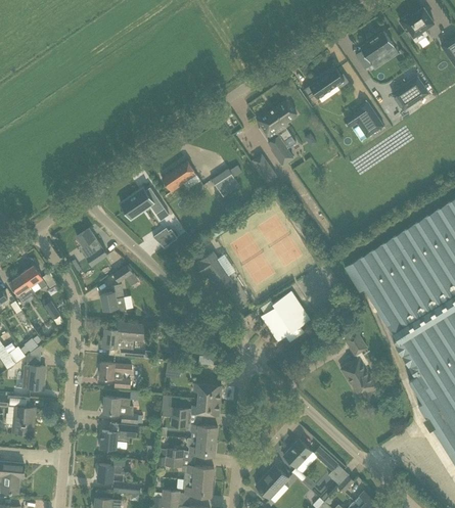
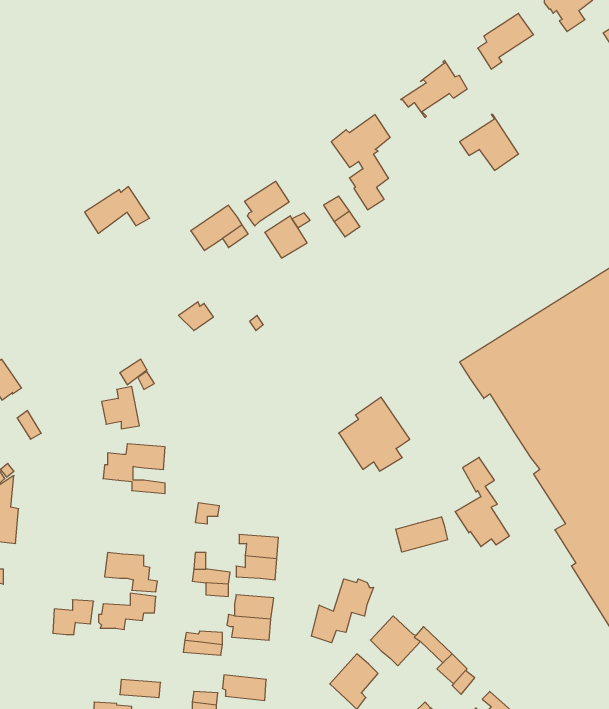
building: [393,78,428,110] -> none
building: none -> [245,181,289,226]
building: [121,187,165,219] -> [85,187,150,233]
building: [77,229,107,266] -> none
building: [195,252,233,291] -> none
building: [100,363,132,388] -> none
building: none -> [396,517,447,552]
building: none -> [311,579,374,643]
building: [98,458,126,481] -> [53,600,94,635]
building: [183,465,214,482] -> none

